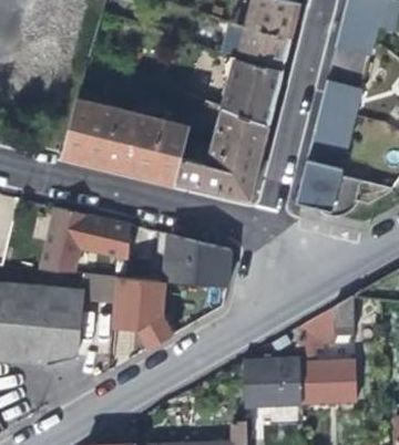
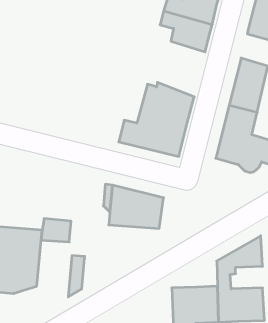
building: [218,55,283,125] -> none
building: [62,93,190,180] -> none
building: [39,207,131,275] -> none
building: [134,283,174,325] -> none

